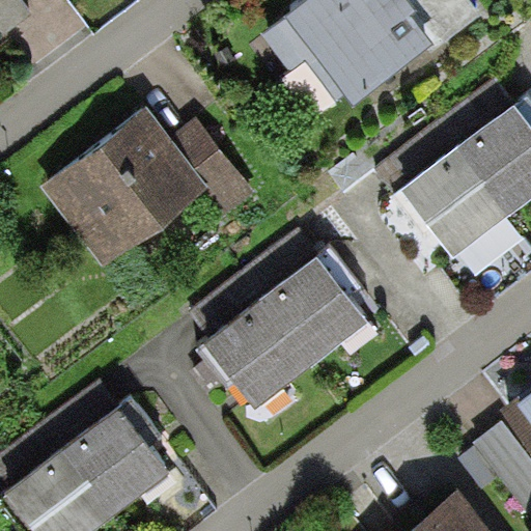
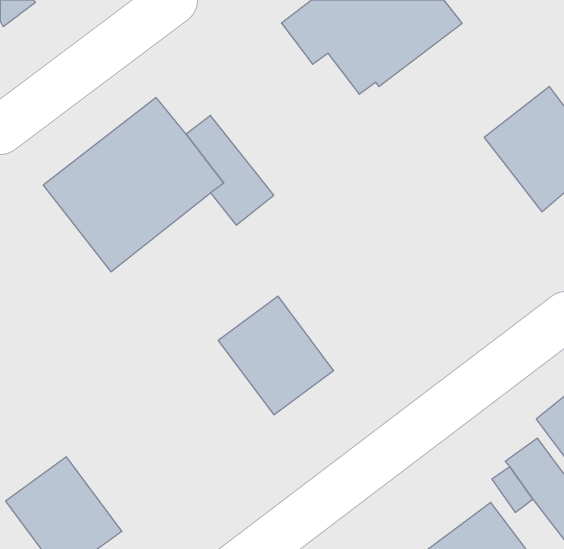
building: [404,145,509,256] -> none
building: [262,249,372,363] -> none
building: [64,401,173,513] -> none

